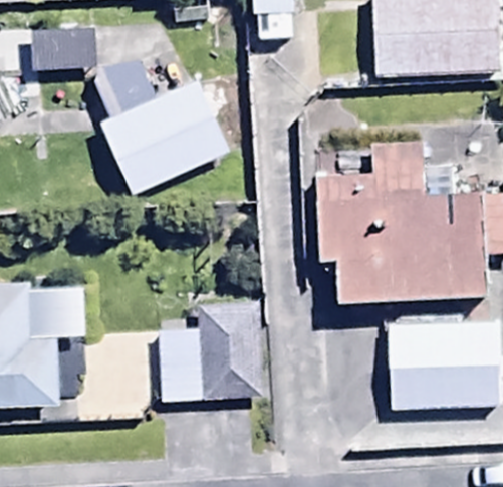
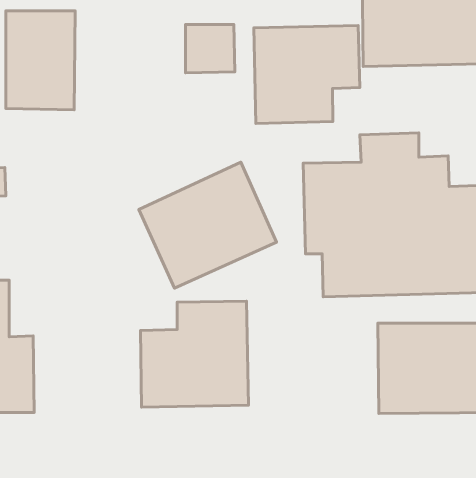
building: none -> [254,26,360,123]
building: [99,75,231,196] -> [139,162,276,288]

